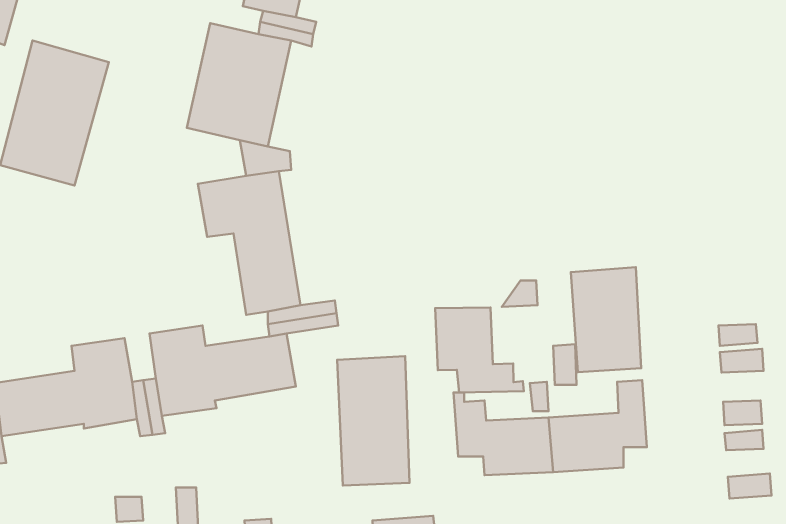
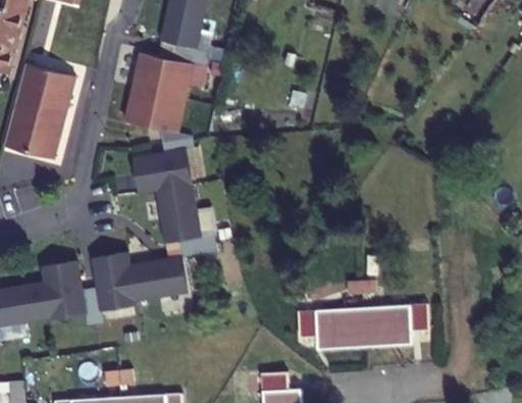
building: [571,267,641,372] -> none
building: [435,308,524,392] -> none
building: [337,356,409,485] -> none

